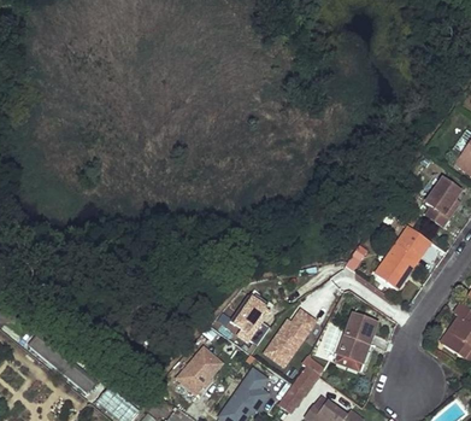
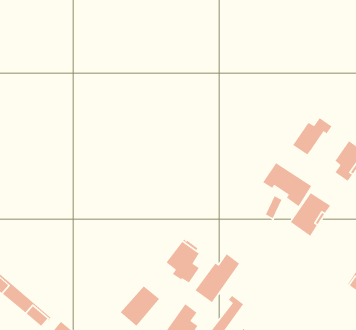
building: none -> [292,117,332,155]
building: none -> [262,162,312,207]
building: [335,312,378,368] -> none

